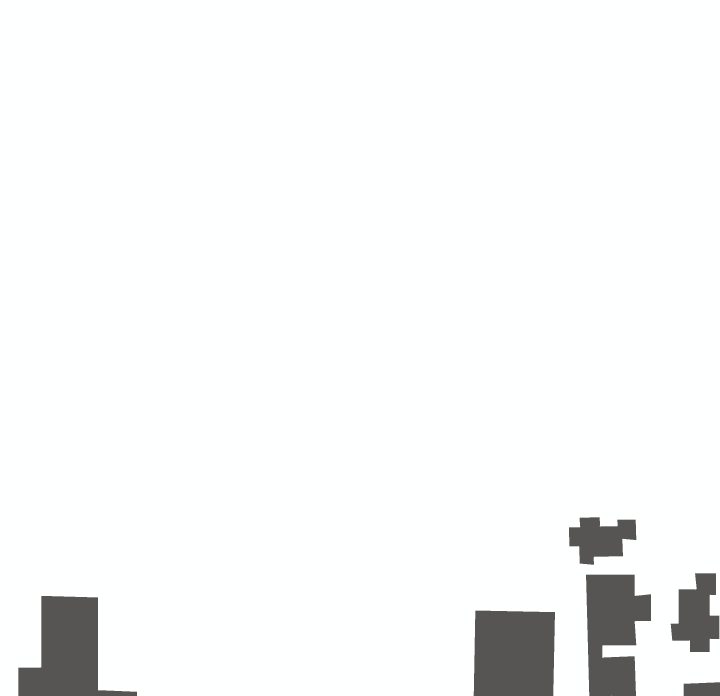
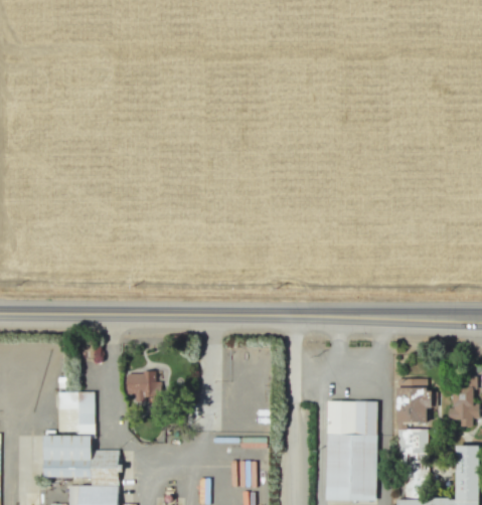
building: [568,517,637,565] -> none
building: none -> [127,373,161,397]

